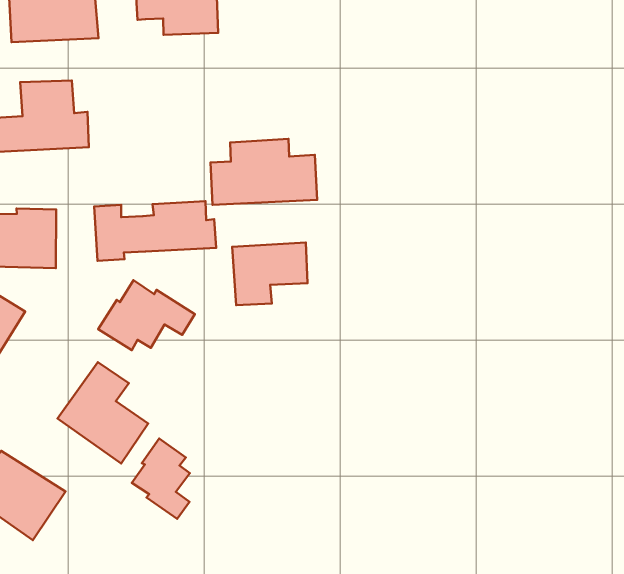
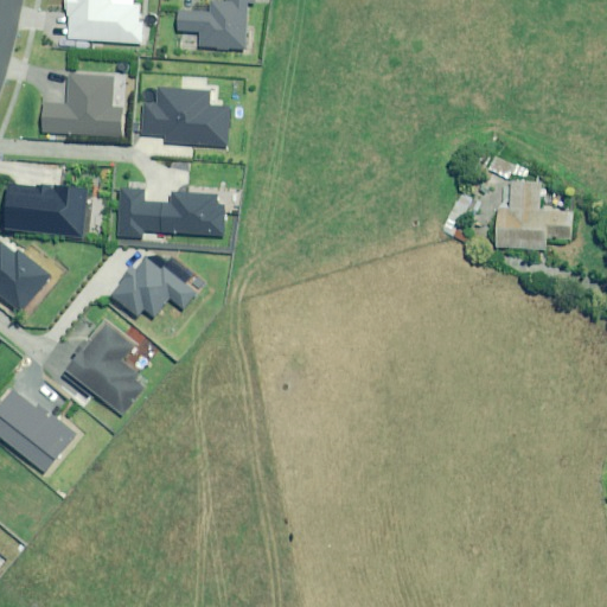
building: [211,139,317,205] -> [136,88,230,146]
building: none -> [494,180,573,249]
building: [232,242,308,305] -> none
building: [132,438,190,519] -> none

